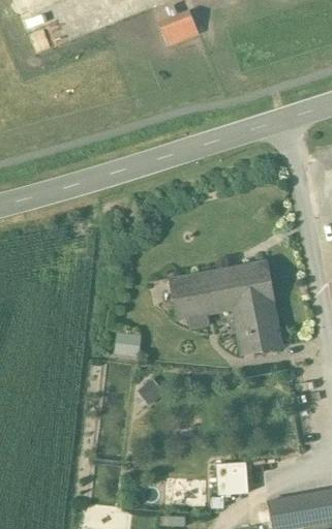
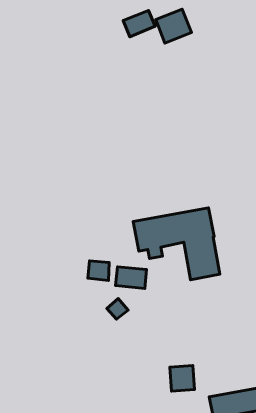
building: none -> [156,9,192,43]
building: none -> [116,267,146,288]

